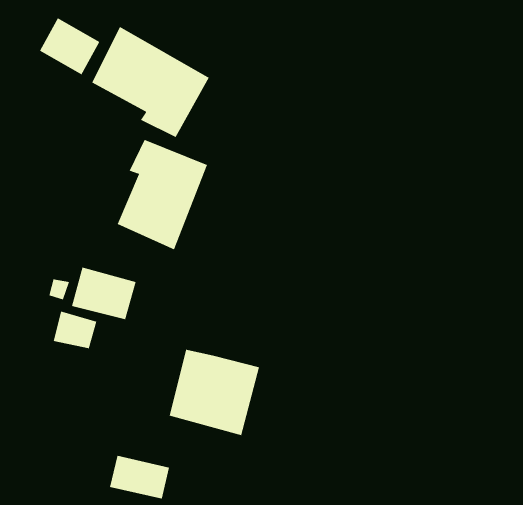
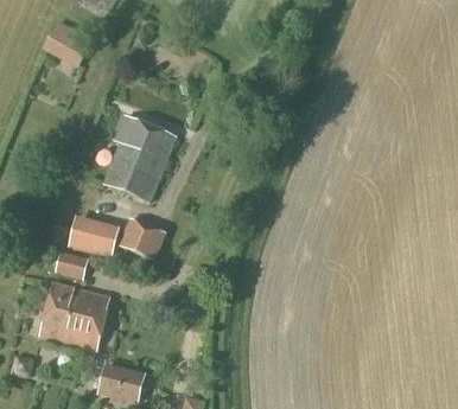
building: [91,26,209,138] -> none
building: none -> [117,216,166,260]
building: [169,349,260,436] -> [39,282,110,350]

